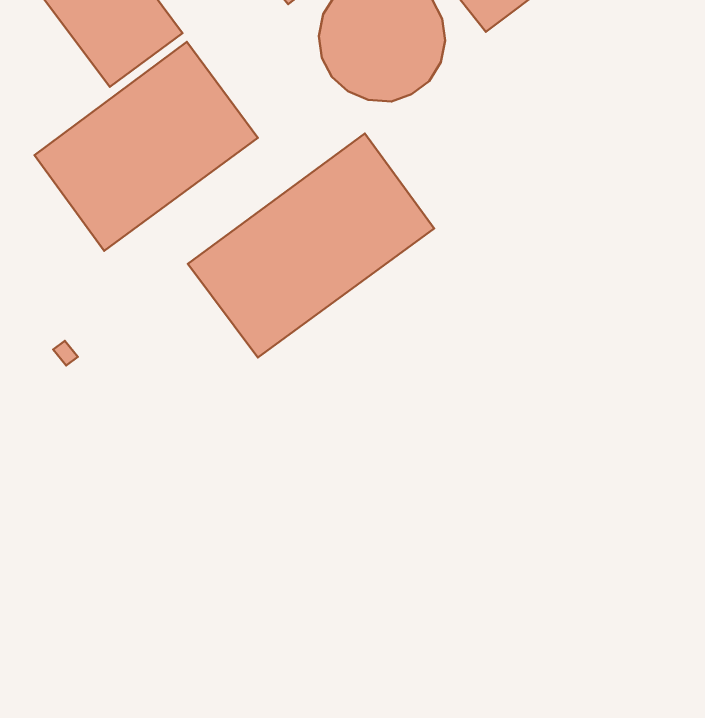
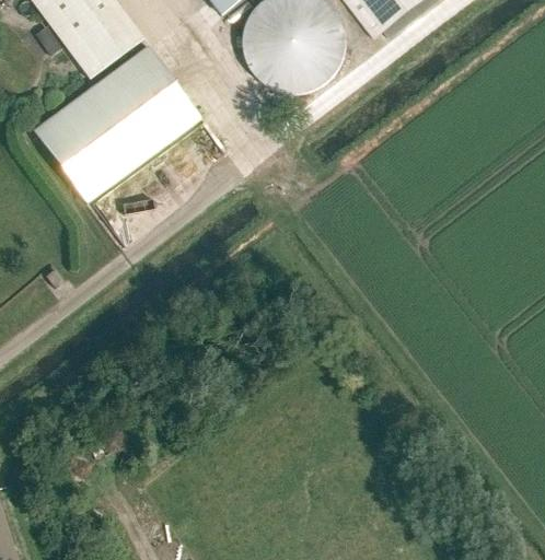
building: [188,134,434,357] -> none

